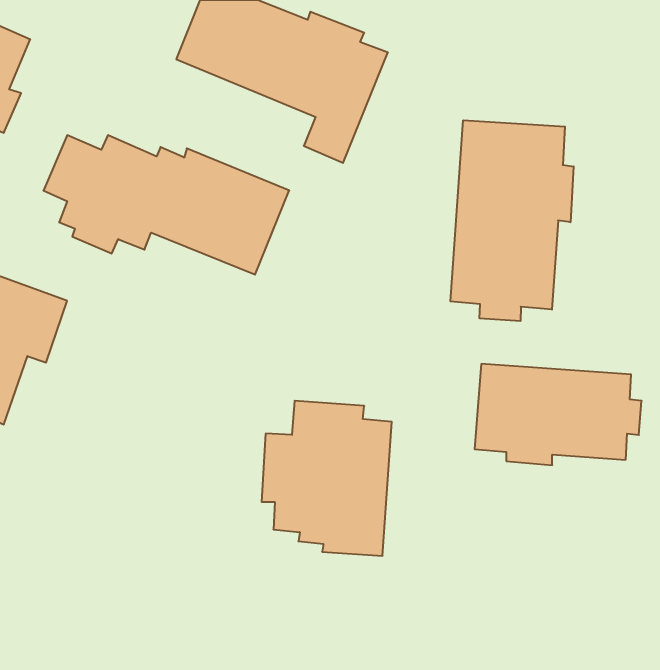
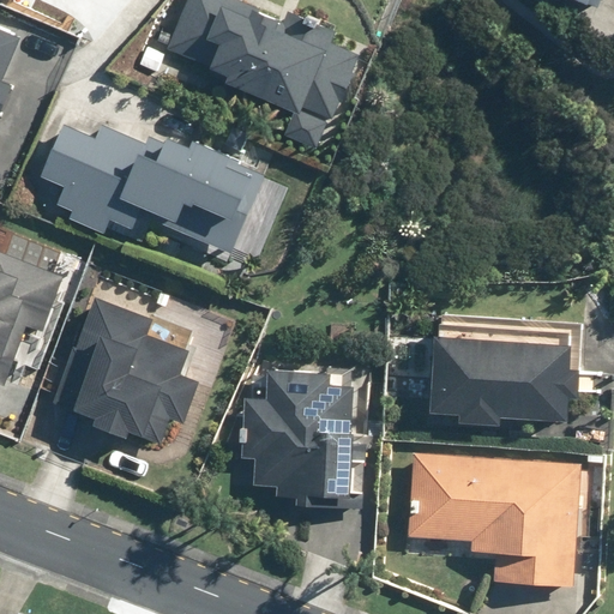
building: [450,120,574,321] -> none
building: none -> [50,295,200,446]
building: none -> [404,452,579,586]

